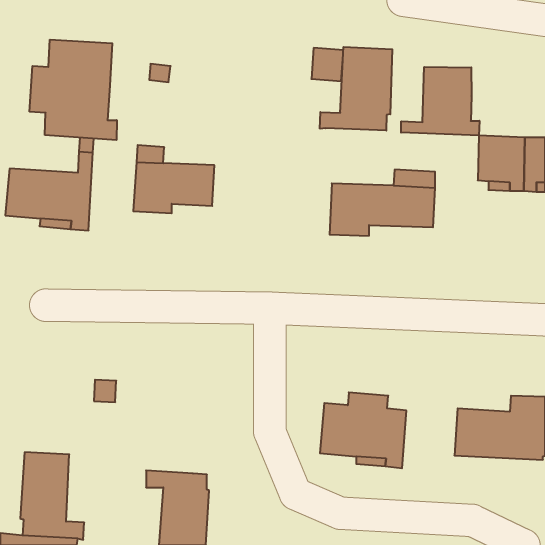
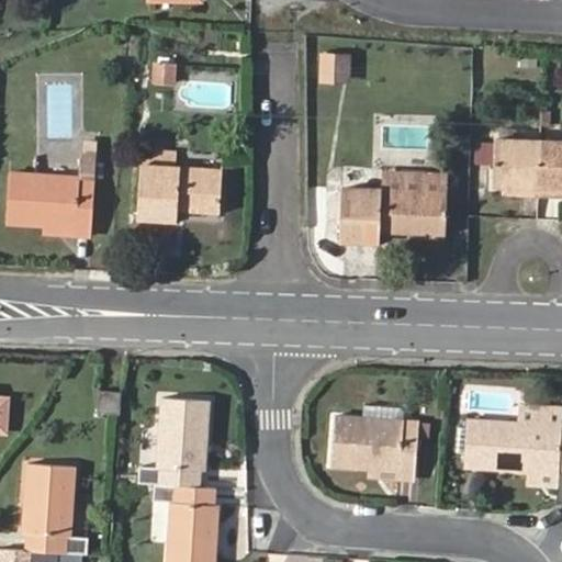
building: [30,40,117,140] -> none
building: [320,47,392,131] -> none
building: [401,67,479,135] -> none
building: none -> [136,398,207,487]

